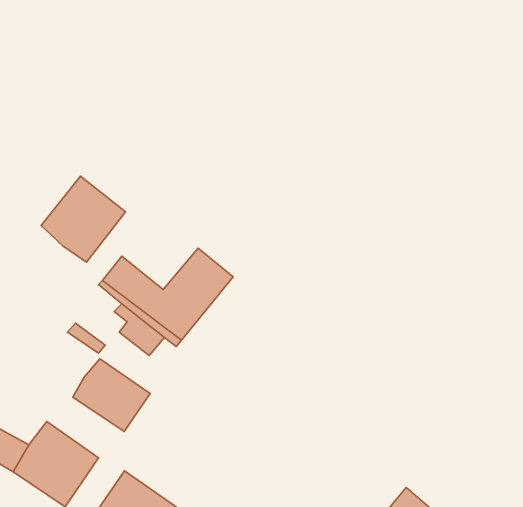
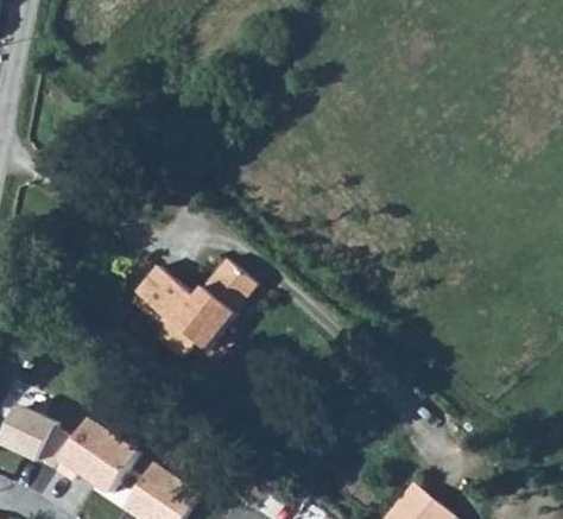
building: [41,176,126,262] -> none
building: [73,359,150,432] -> none

